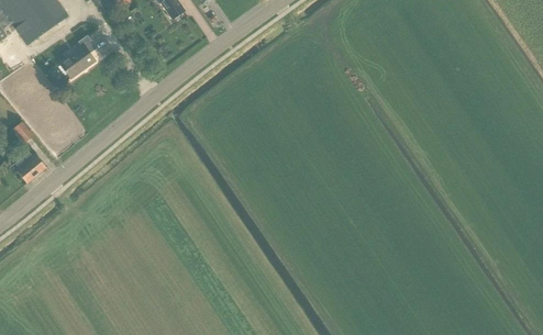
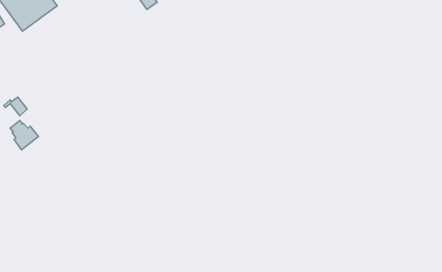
building: [58,24,96,76] -> none

